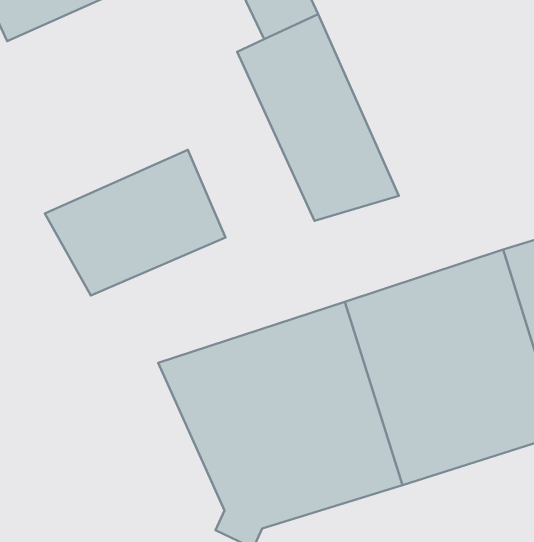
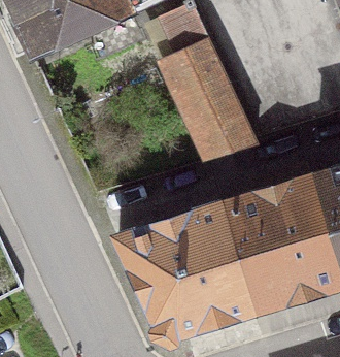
building: [45,150,225,295] -> none

